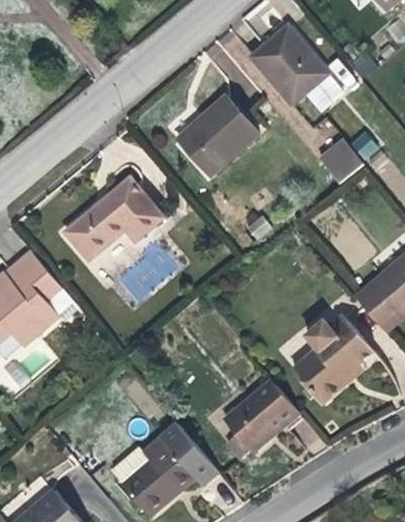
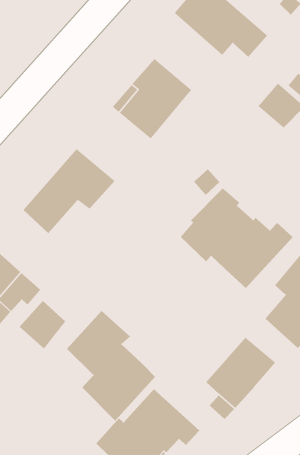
building: none -> [180,188,294,289]
building: none -> [19,300,66,349]
building: none -> [66,310,156,421]

